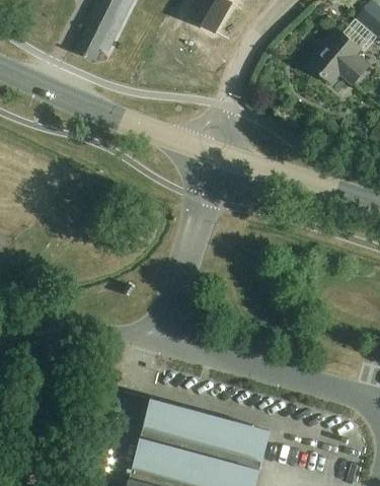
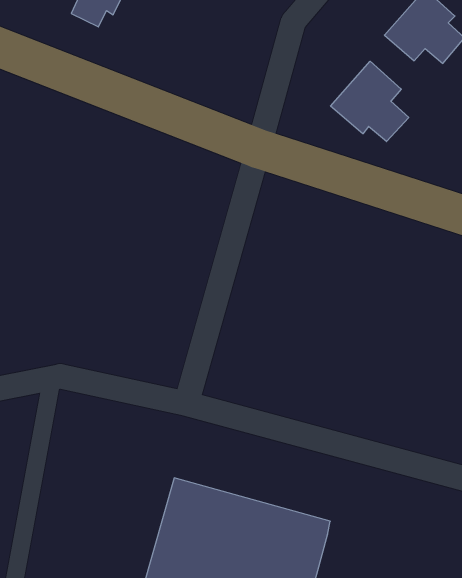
building: none -> [331,61,409,142]

